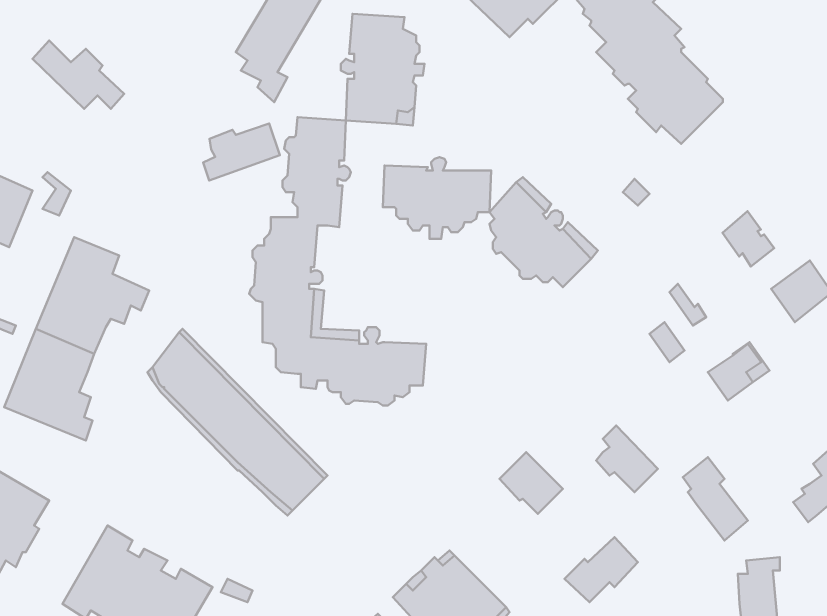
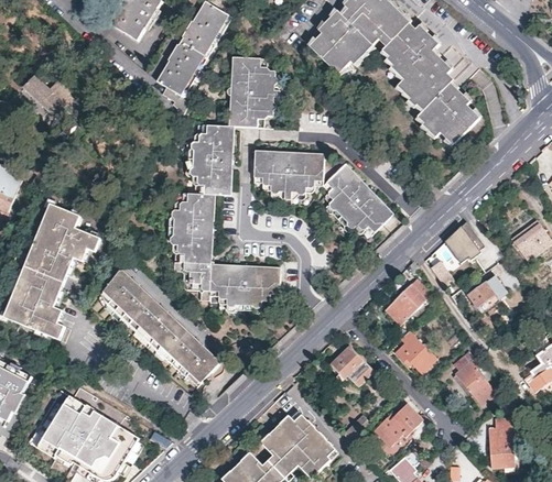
building: [203,124,280,180] -> none
building: [722,211,774,266] -> [448,220,483,256]
building: none -> [383,277,430,324]

